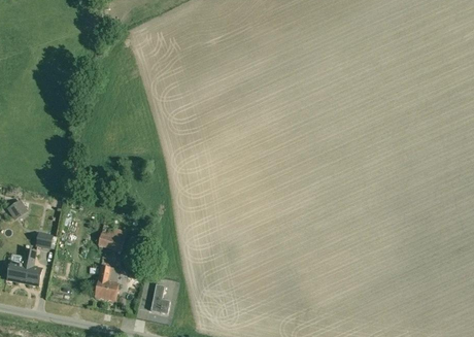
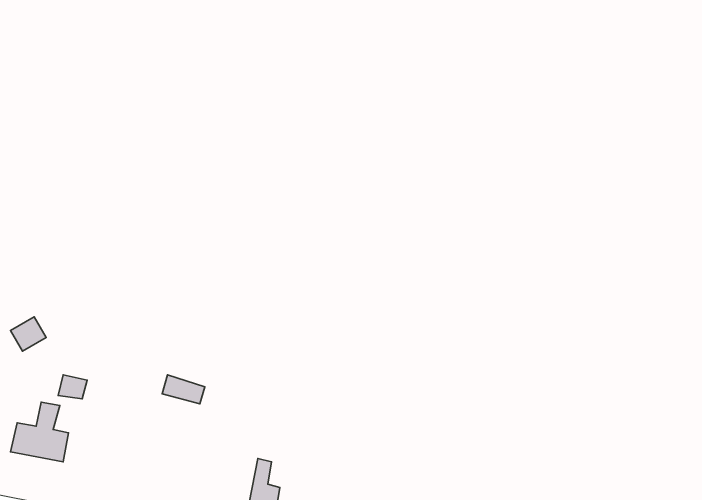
building: [95,264,120,300] -> none

